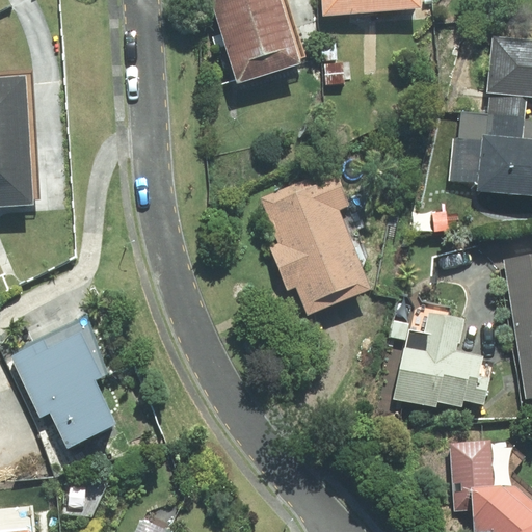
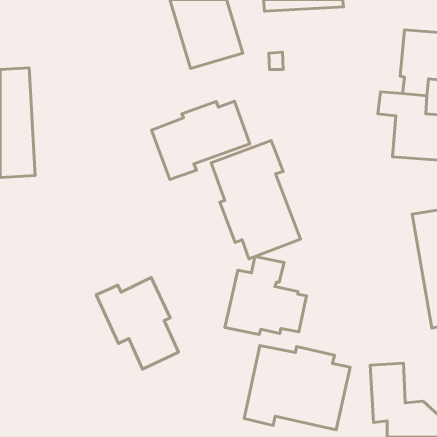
building: none -> [151,101,250,179]
building: [394,313,493,407] -> [225,256,306,334]
building: [19,340,118,451] -> [96,278,179,369]
building: none -> [244,345,350,430]

